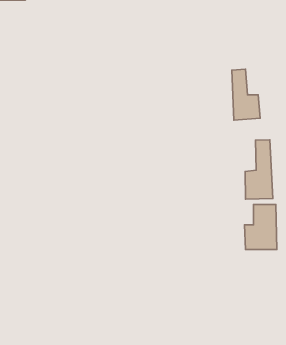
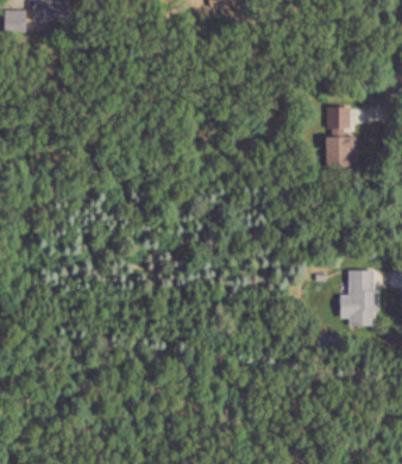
building: [245,140,273,199] -> none

